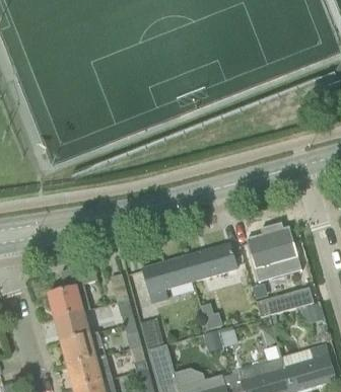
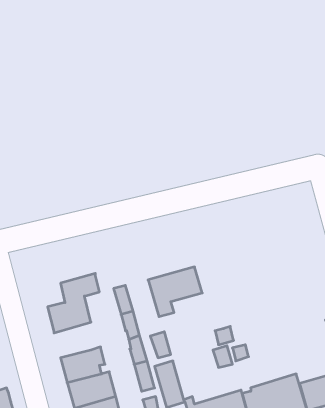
building: [246,223,301,282] -> none
building: [186,243,236,281] -> none
building: [256,292,295,317] -> none
building: [54,308,88,341] -> none

